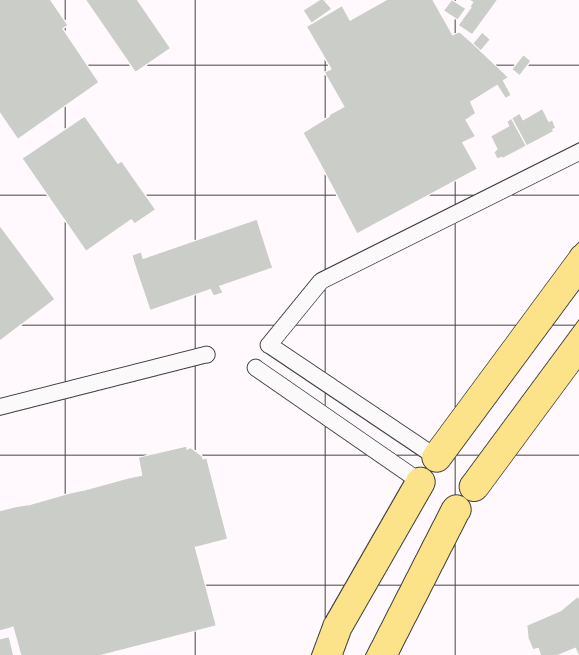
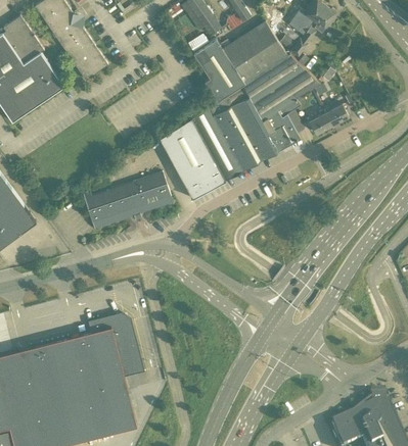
building: [22,116,156,252] -> none
building: none -> [158,117,225,199]

